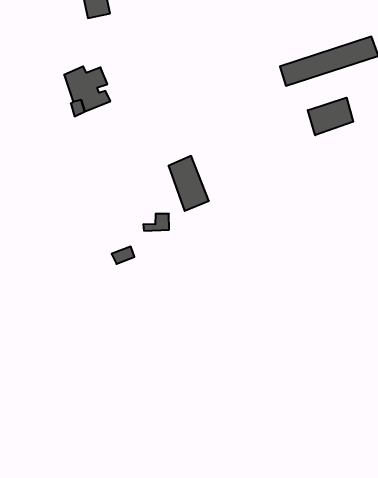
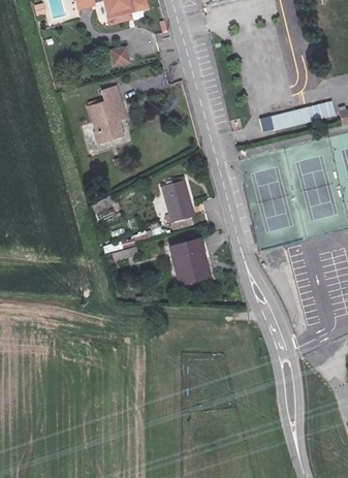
building: [308,98,353,135] -> none
building: none -> [173,242,212,282]

